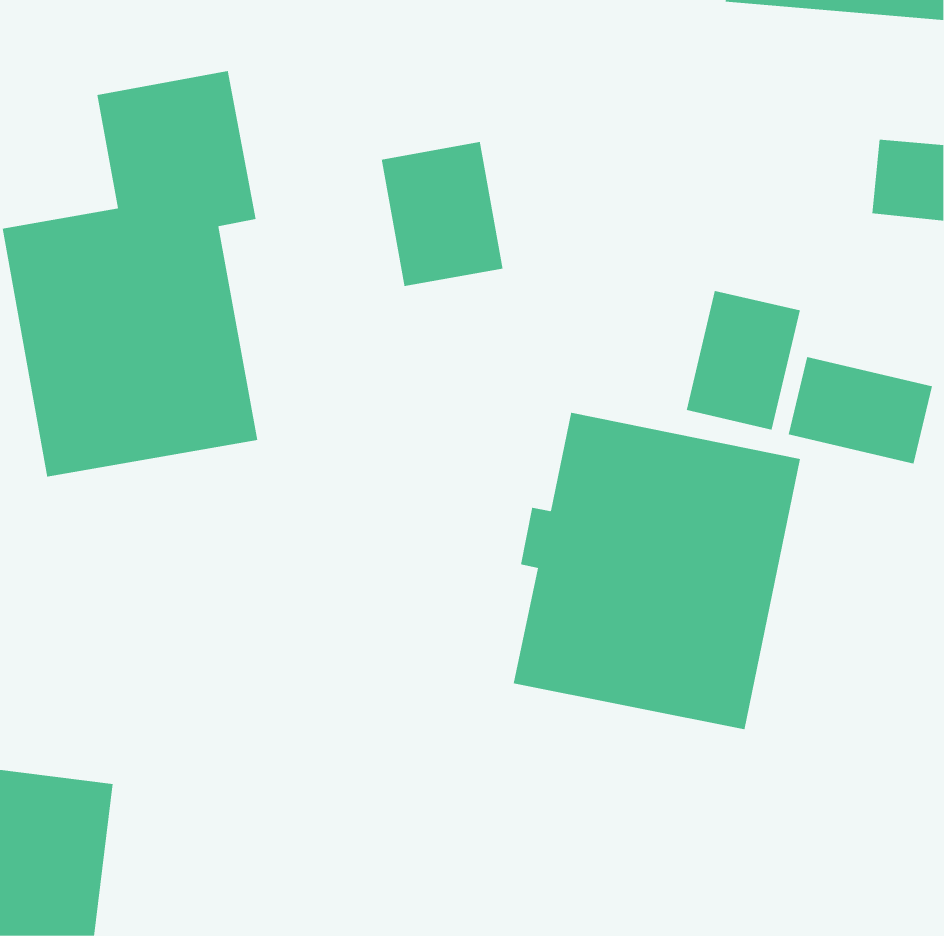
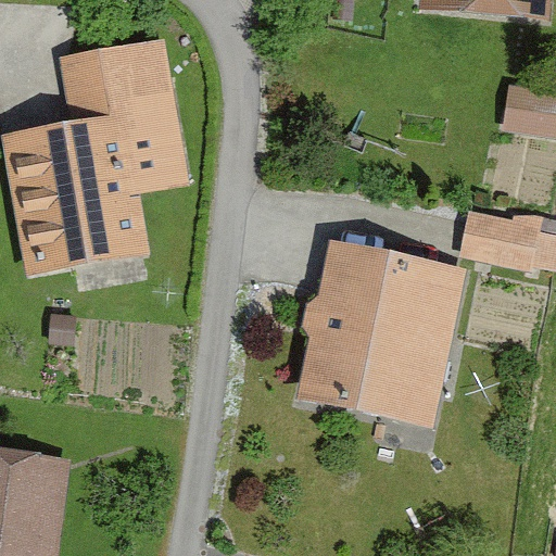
building: [381,141,503,287] -> none
building: [686,290,800,430] -> none

